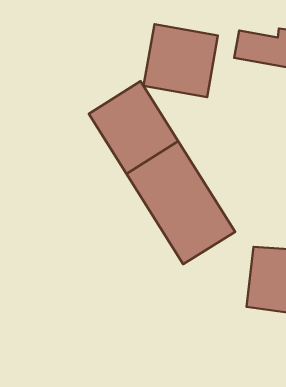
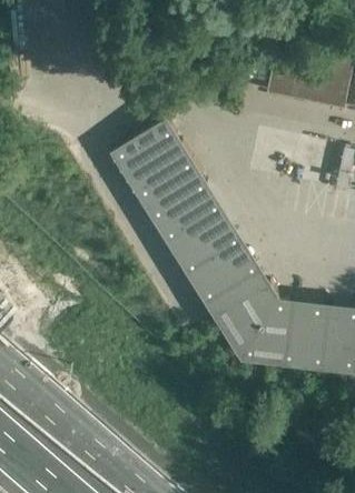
building: [143,24,218,97] -> none
building: none -> [213,283,289,365]

